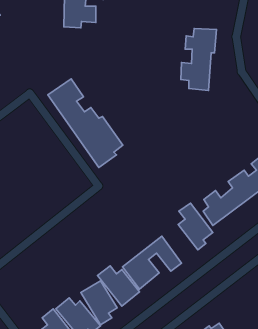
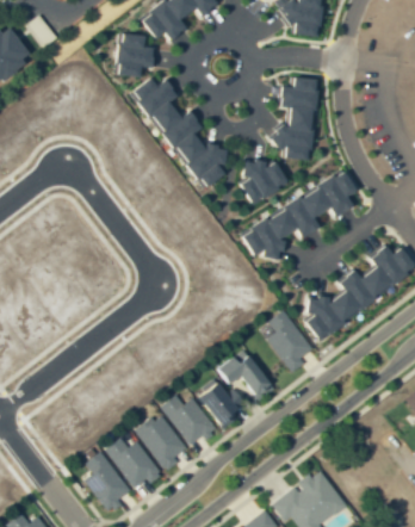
building: [48,79,123,167] -> [134,72,234,190]
building: none -> [239,150,289,203]
building: none -> [237,174,353,262]

